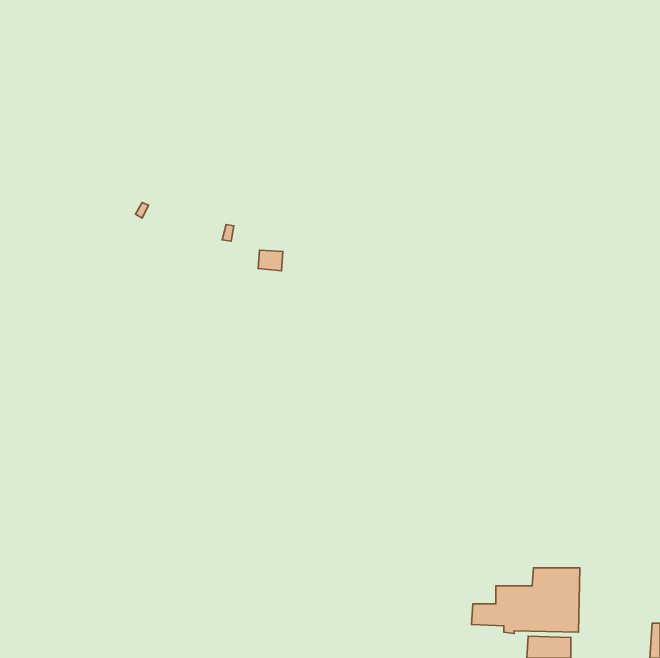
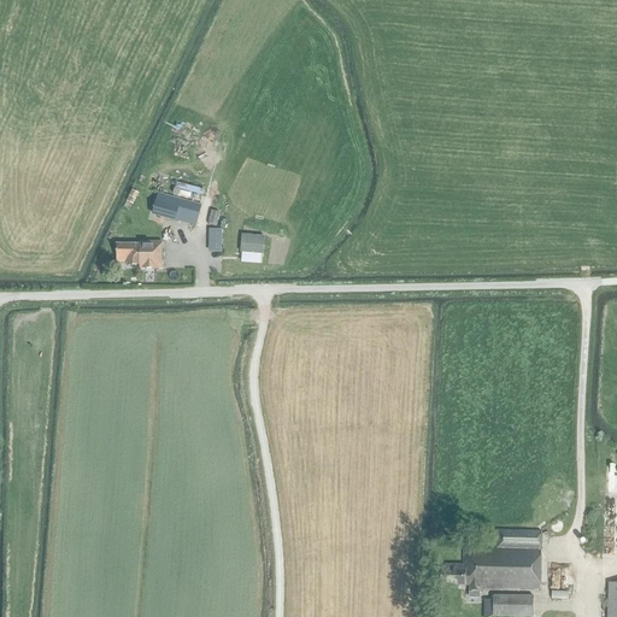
building: none -> [152,192,201,224]
building: none -> [117,241,161,266]

